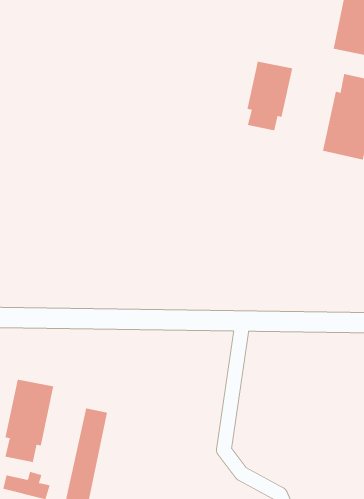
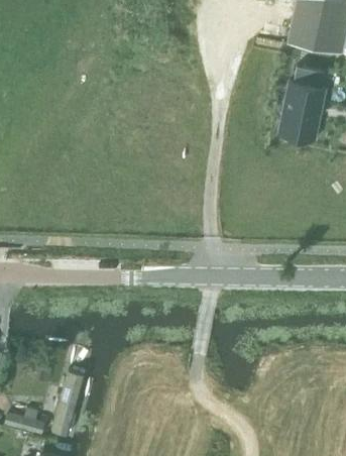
building: [247,61,293,131] -> none
building: [5,379,54,463] -> none

